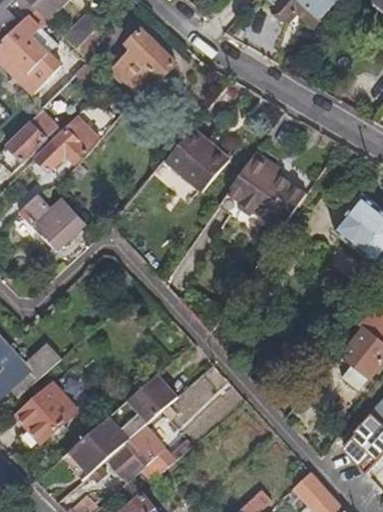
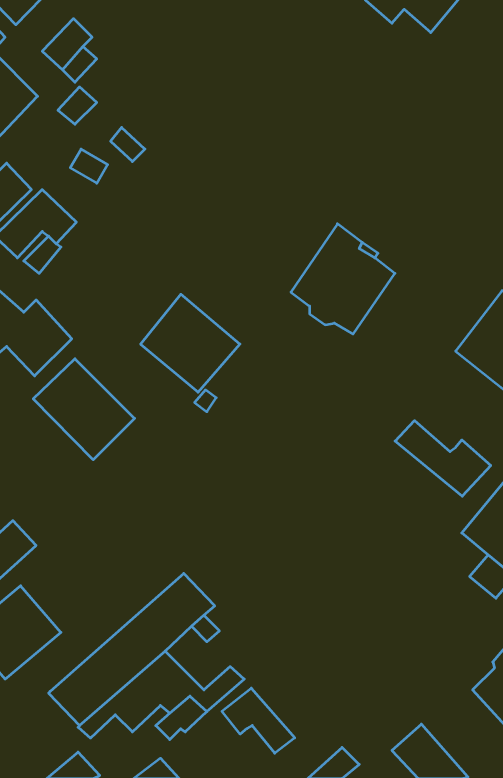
building: [111,29,176,94] -> none
building: [165,126,230,190] -> [141,294,240,392]
building: none -> [33,359,135,460]
building: none -> [395,421,491,496]
building: none -> [222,688,295,753]

